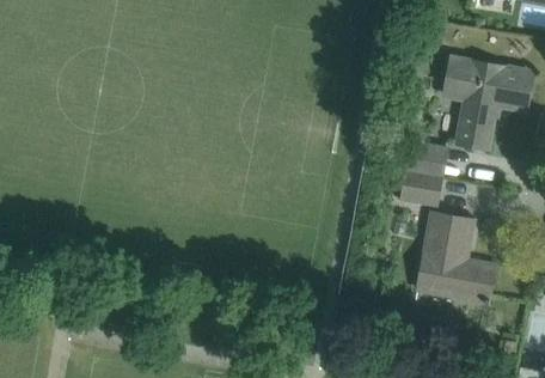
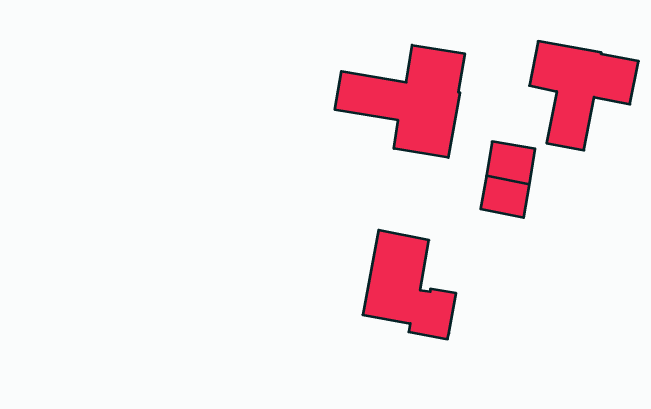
building: none -> [335,45,465,158]
building: [418,212,496,303] -> [363,230,456,339]

